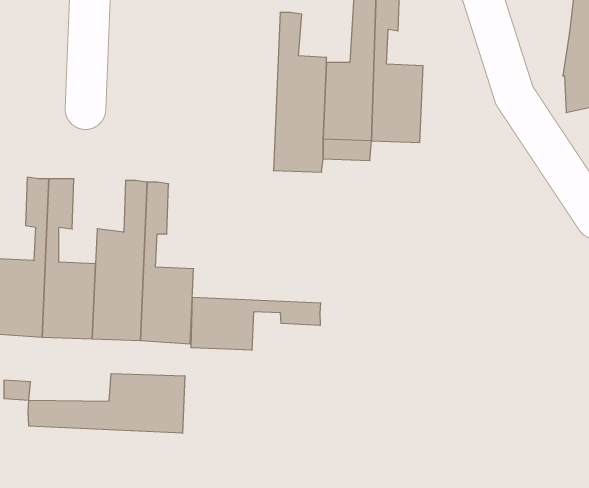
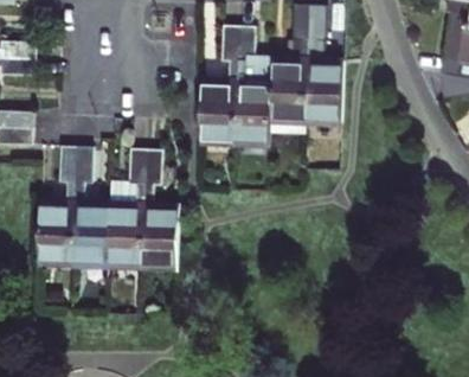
building: none -> [200,26,240,140]
building: [191,297,321,350] -> none
building: [28,374,185,433] -> none

